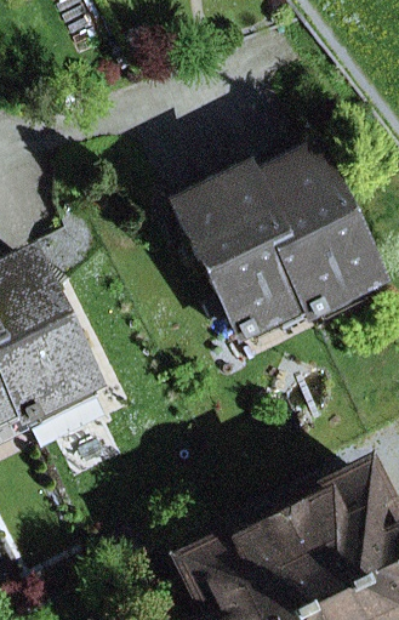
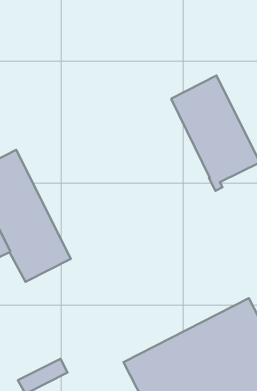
building: [184,175,310,336] -> none

